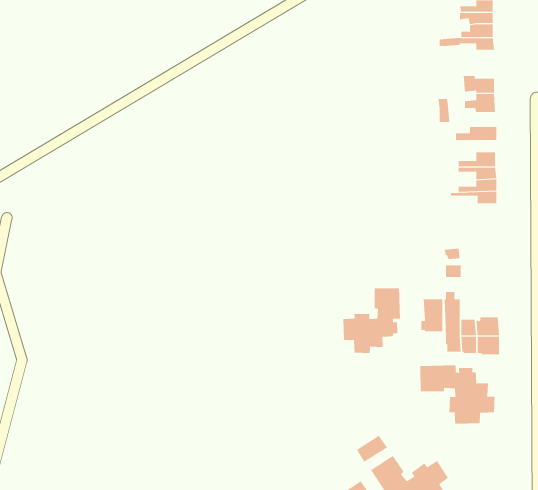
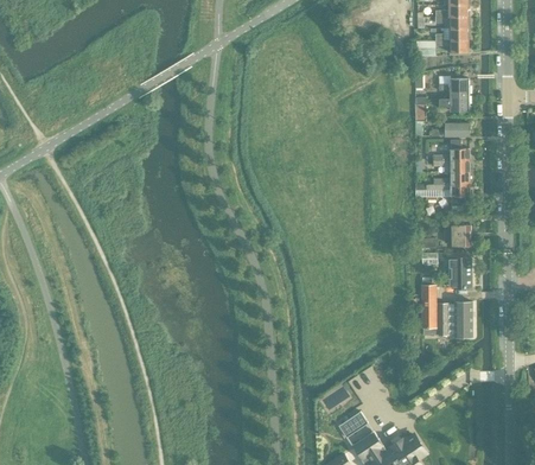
building: none -> [445,224,471,246]
building: [343,287,400,354] -> none
building: [420,299,443,332] -> [450,257,471,288]
building: [420,365,495,425] -> none

